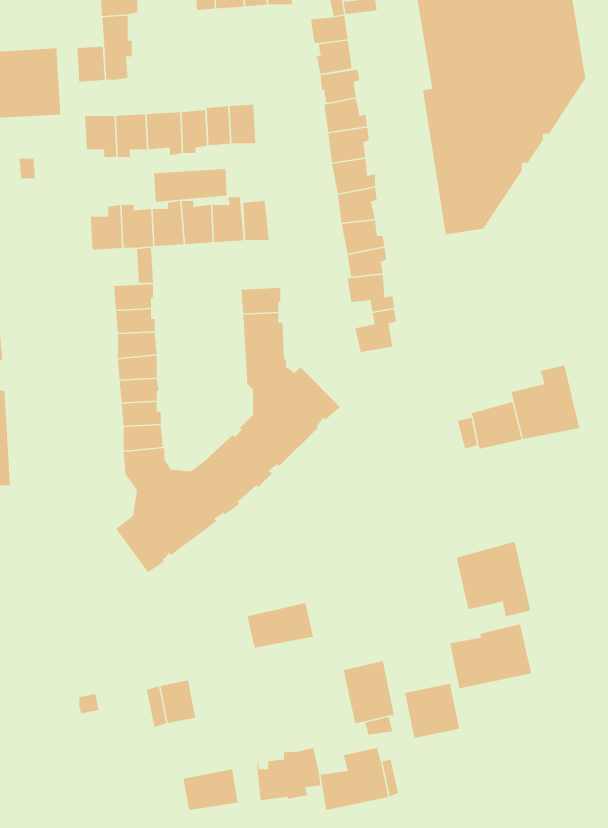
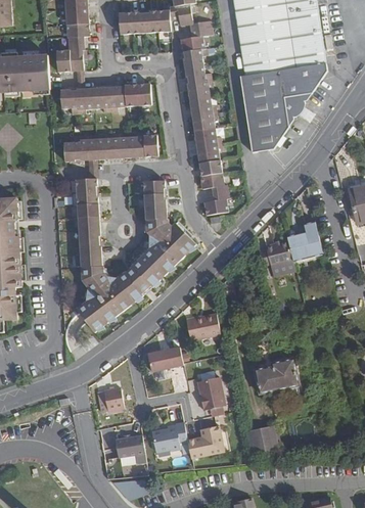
building: [153,168,227,203] -> none
building: none -> [186,313,221,340]
building: [456,541,531,617] -> none
building: [404,683,460,739] -> [247,425,277,455]

